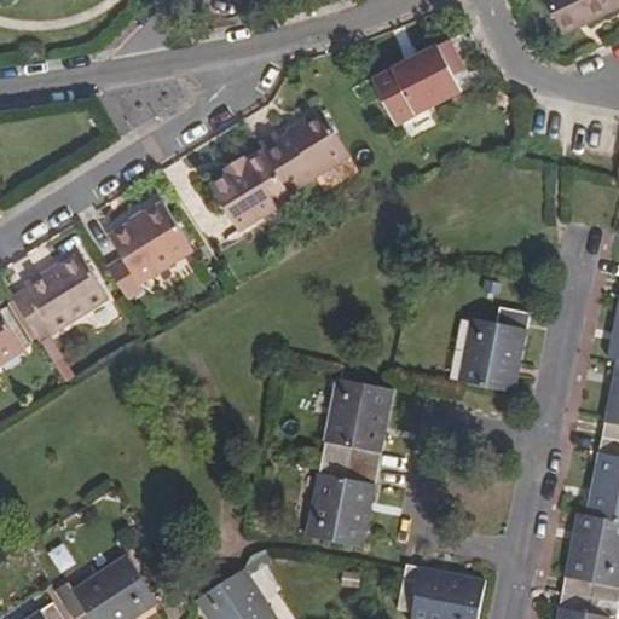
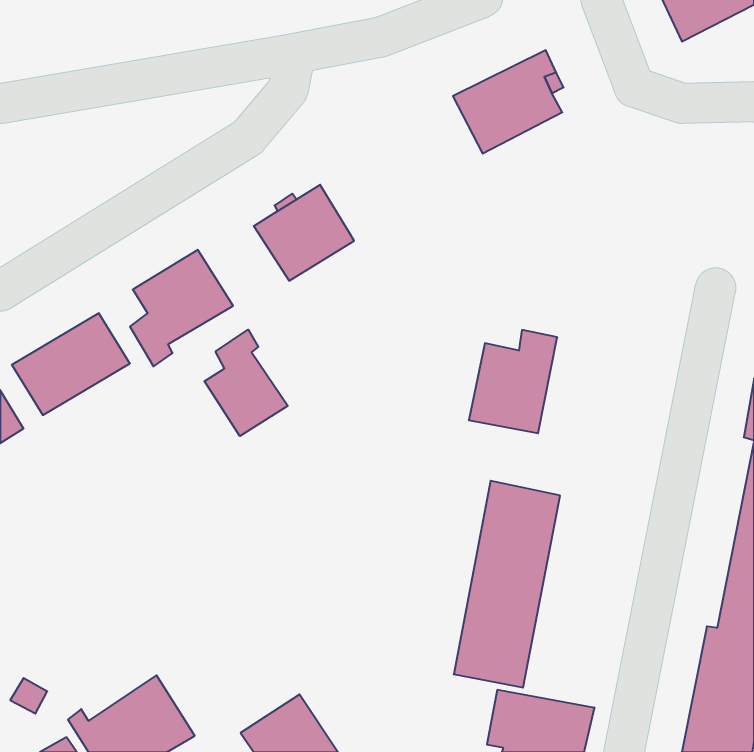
building: [258,110,346,191] -> none
building: none -> [204,330,288,436]
building: [458,306,531,391] -> [469,330,557,433]
building: [307,377,394,546] -> [454,481,560,688]

